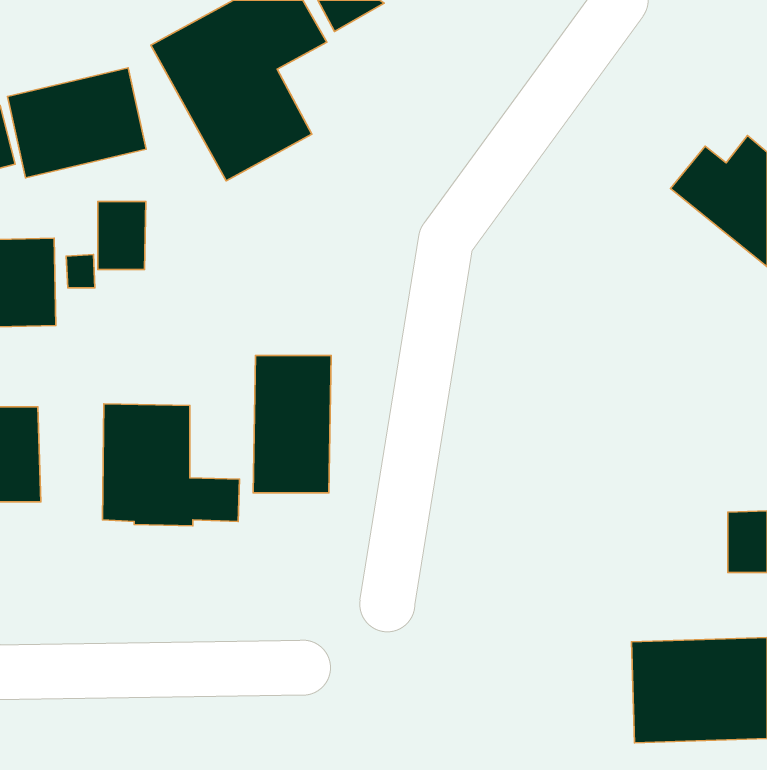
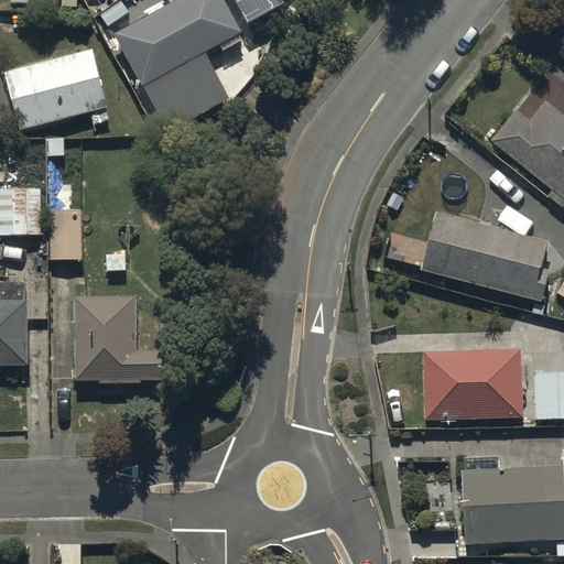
building: [98,202,146,269] -> [47,214,83,263]
building: none -> [420,210,550,302]
building: [253,355,331,493] -> none
building: none -> [423,348,522,421]

